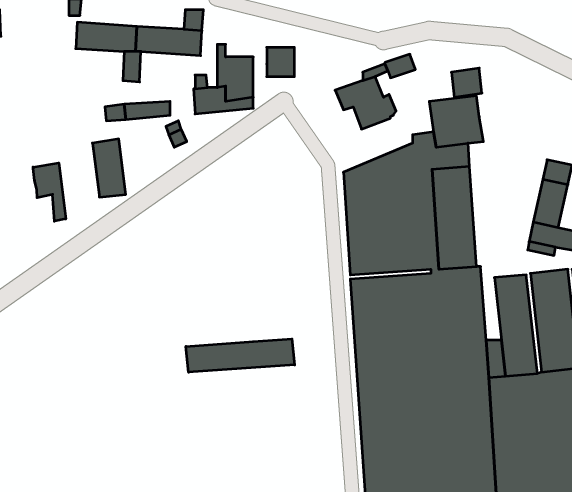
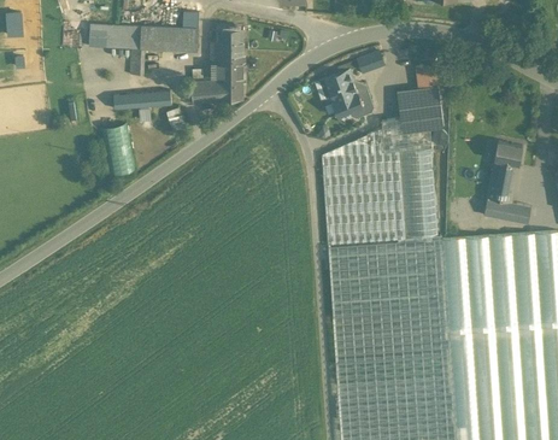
building: [267,47,294,77] -> [219,28,243,53]
building: [33,163,66,221] -> none
building: [186,339,295,372] -> none

